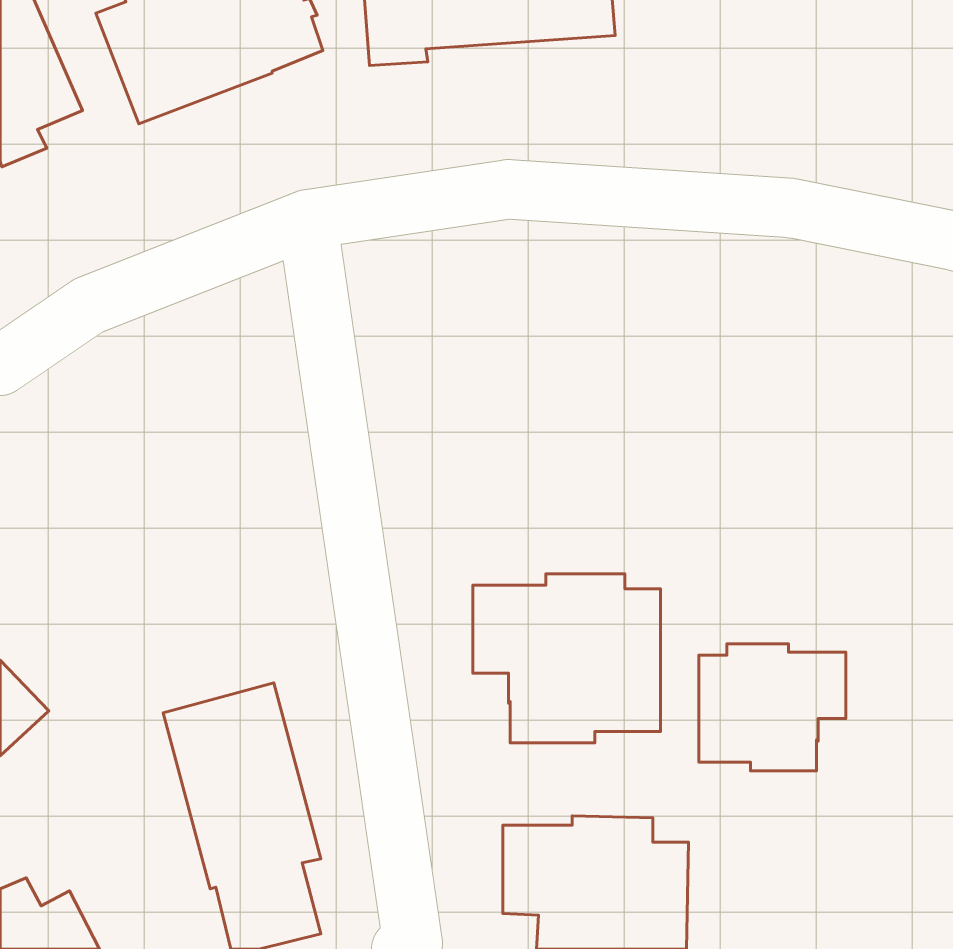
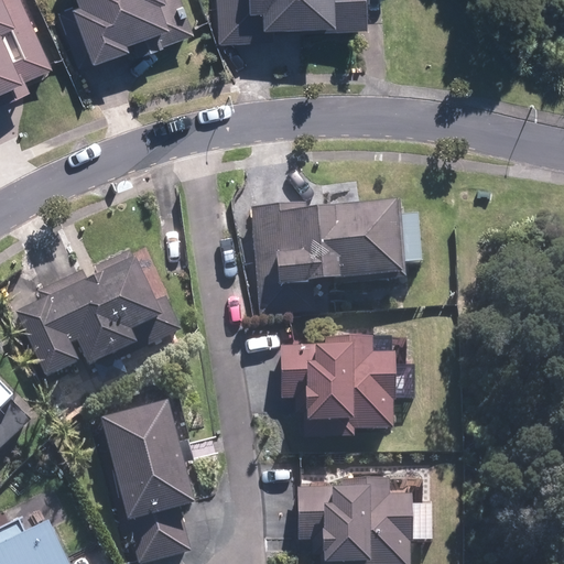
building: none -> [252,198,404,310]
building: none -> [15,250,181,377]
building: [699,644,846,771] -> none

